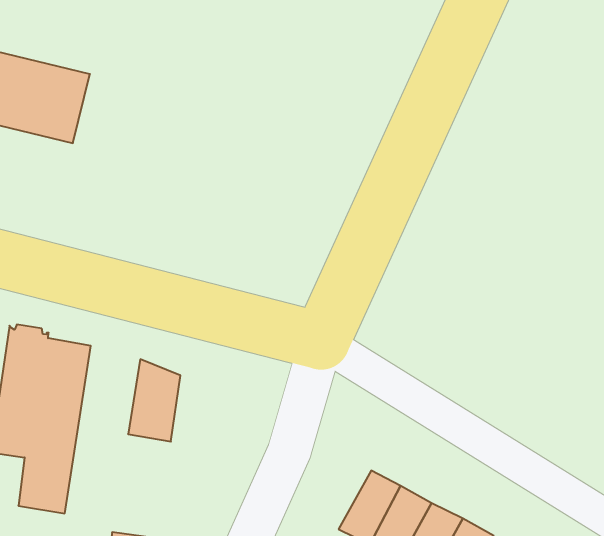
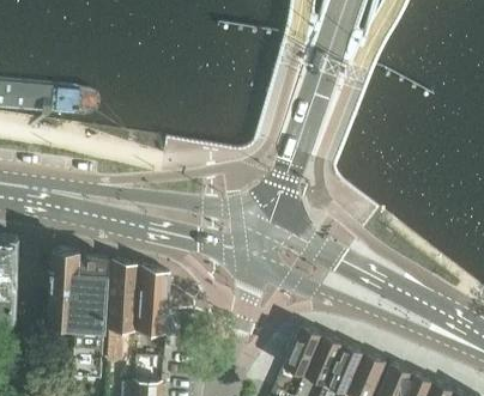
building: none -> [104,261,138,364]

